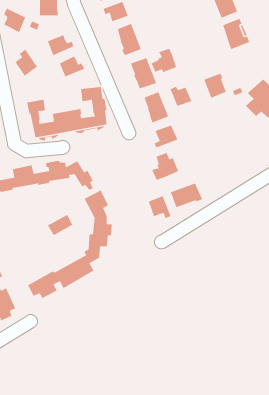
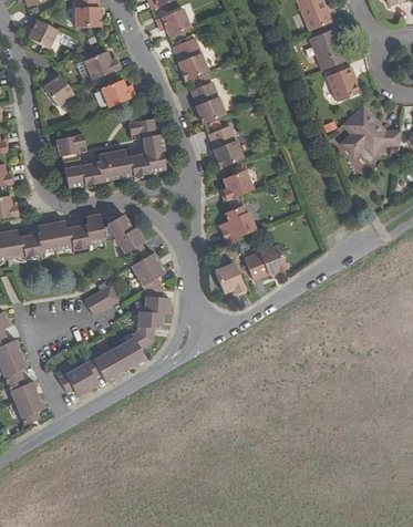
building: [150,48,177,73] -> none
building: [203,72,227,99] -> [329,69,360,103]
building: [170,86,193,107] -> none

